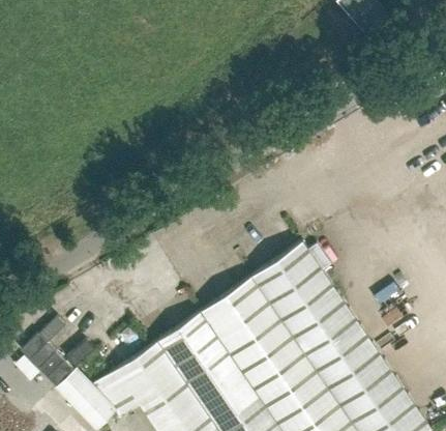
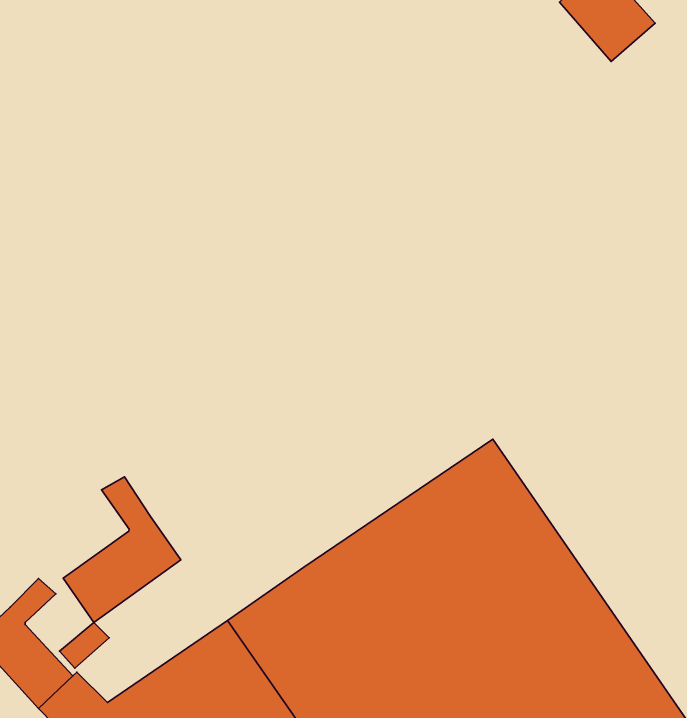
building: none -> [63,477,181,622]

